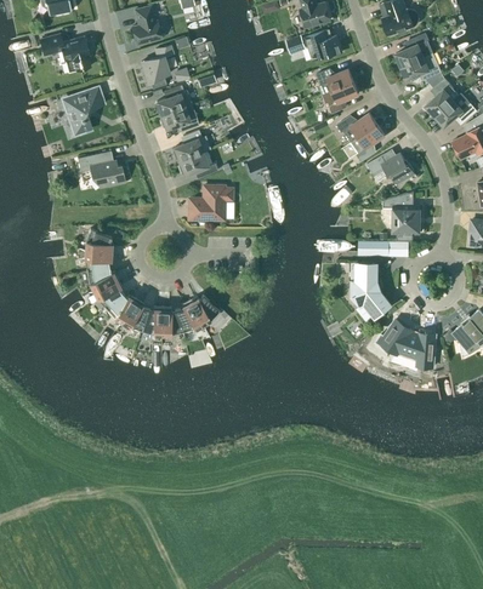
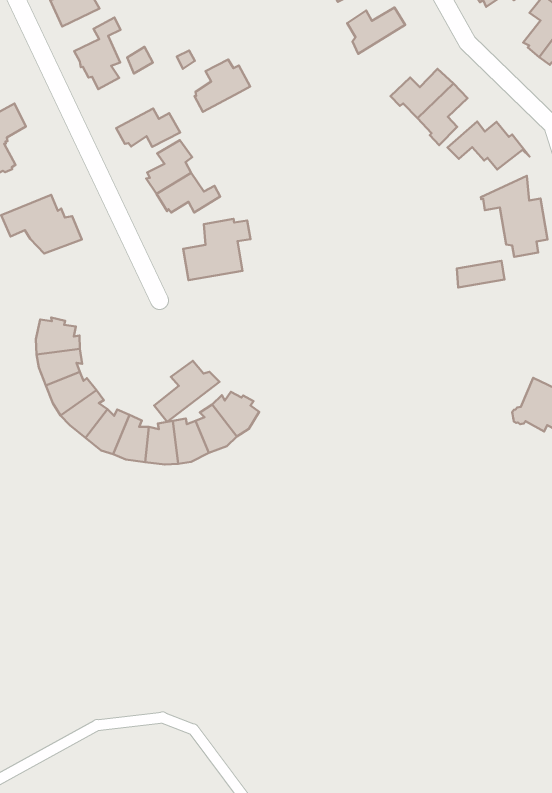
building: [320,81,358,113] -> none
building: [155,85,192,115] -> [194,60,250,112]
building: [352,263,391,315] -> none
building: none -> [154,361,219,422]

